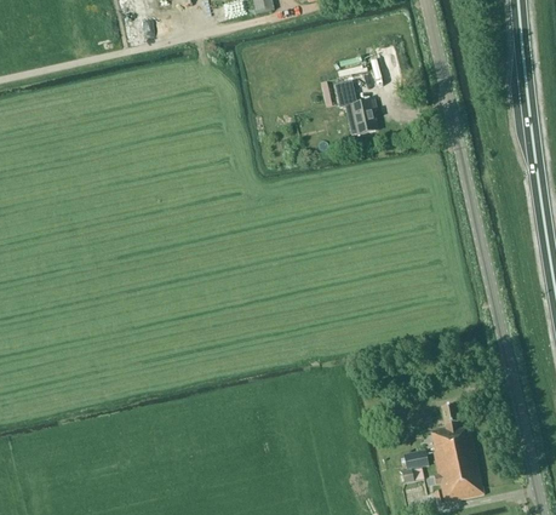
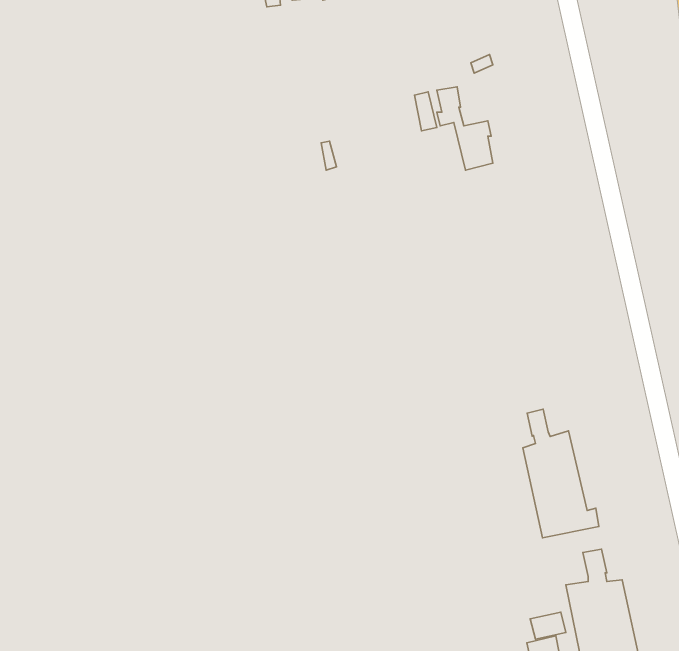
building: none -> [523,409,599,538]

